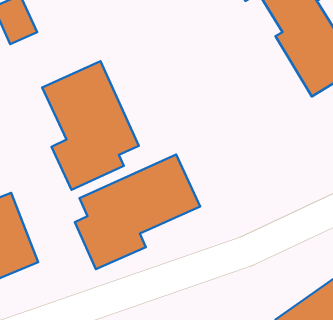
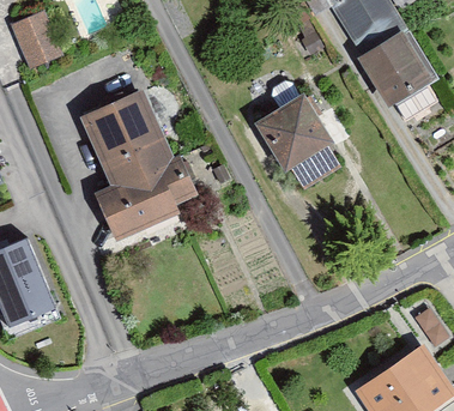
building: none -> [249,96,337,193]
building: [75,154,200,269] -> none

